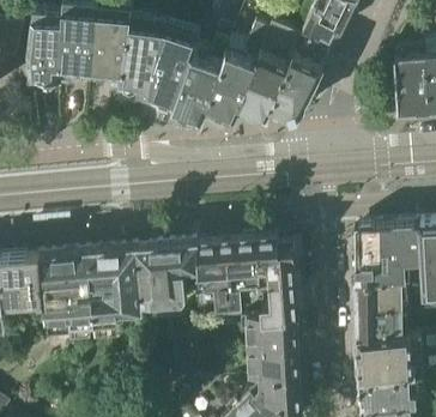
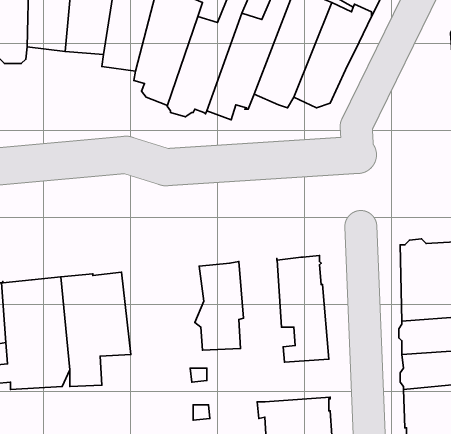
building: [226,240,260,310] -> none
building: [134,244,199,327] -> none
building: [241,319,298,352] -> none

